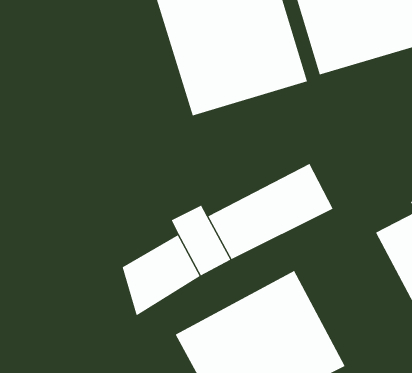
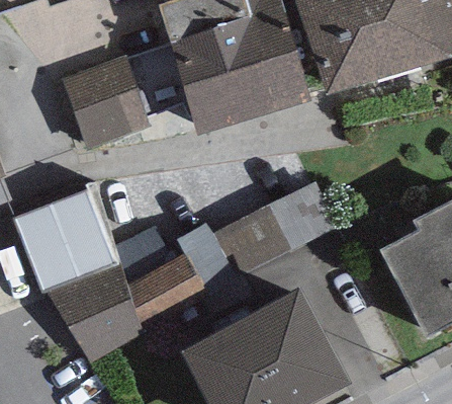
building: none -> [60,63,151,151]
building: none -> [13,187,116,289]
building: none -> [50,262,143,360]

